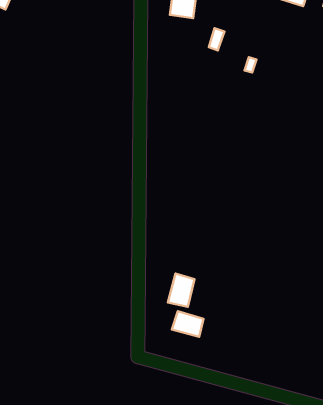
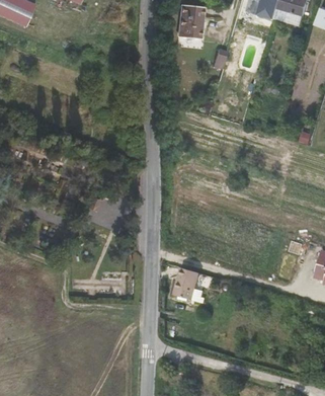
building: [172,311,203,337] -> none

